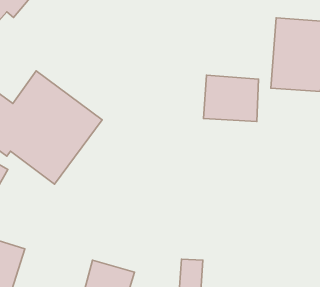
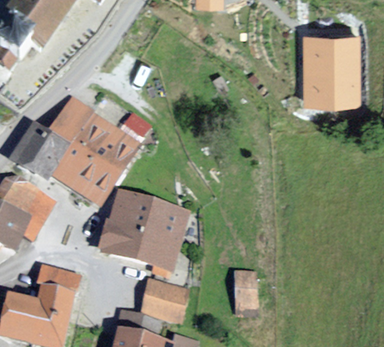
building: [203,75,259,122] -> none
building: none -> [101,192,186,273]

